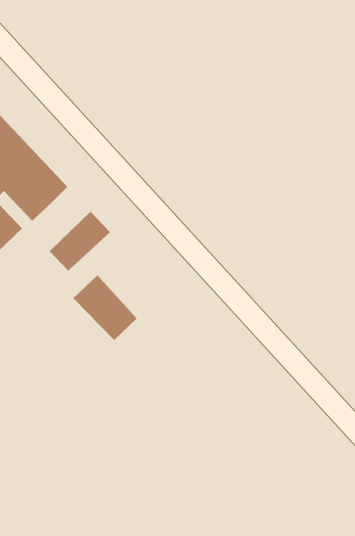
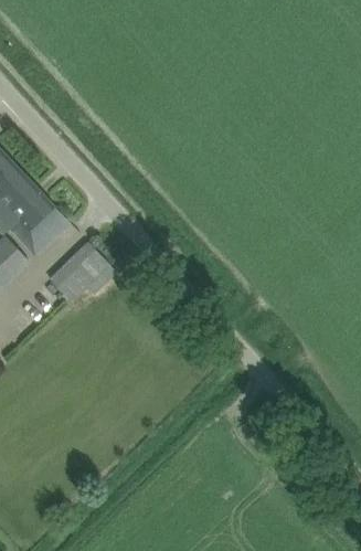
building: [72,274,138,341] -> none

